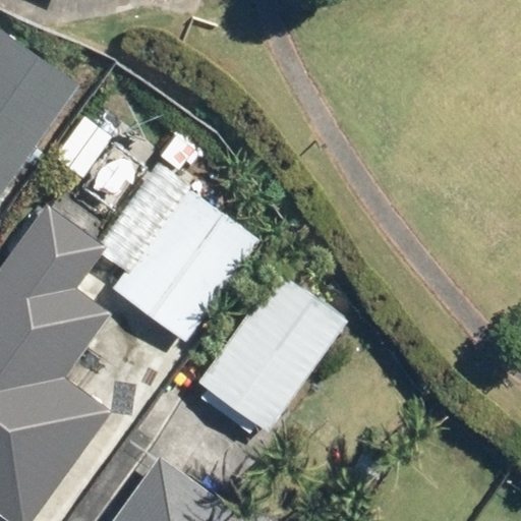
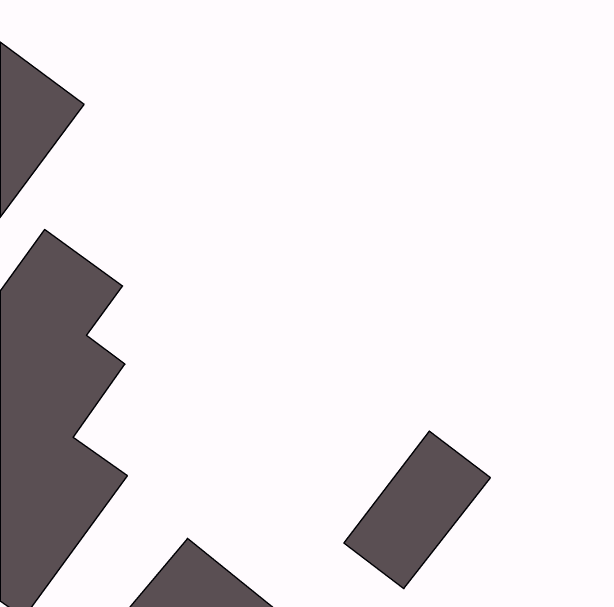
building: [102,182,255,338] -> none
building: [202,291,327,424] -> [344,431,490,589]

